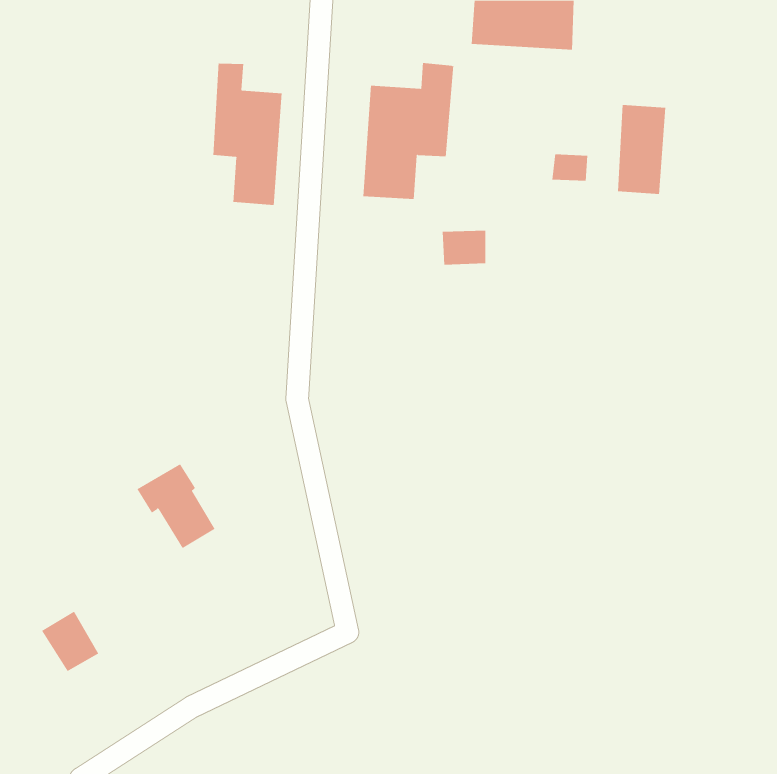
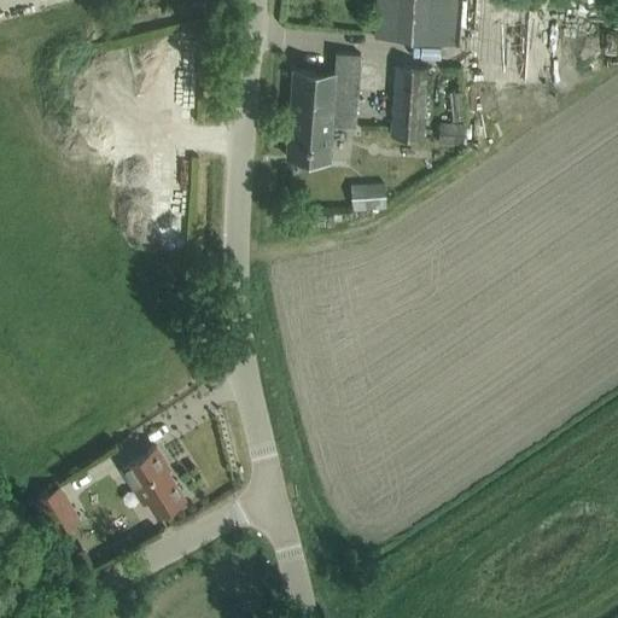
building: [213,63,282,206] -> none
building: [617,105,666,194] -> [391,69,430,140]
building: [136,463,216,549] -> [122,448,185,515]

